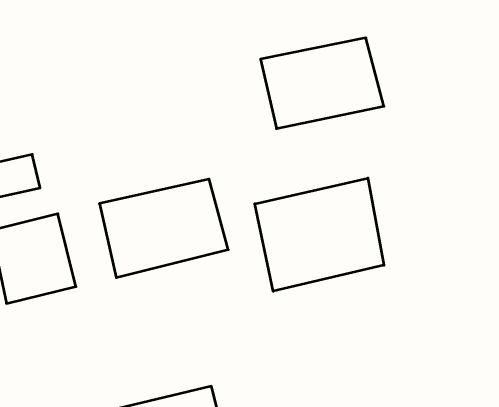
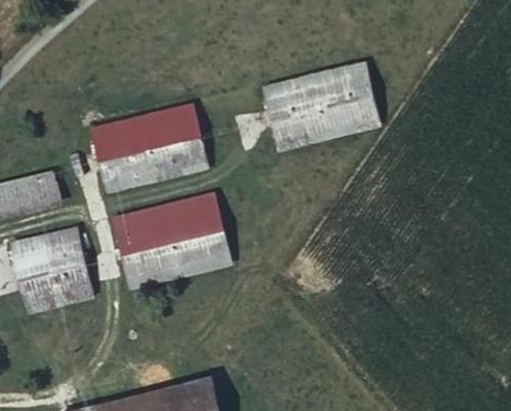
building: none -> [90,105,208,190]
building: [255,178,384,291] -> none

